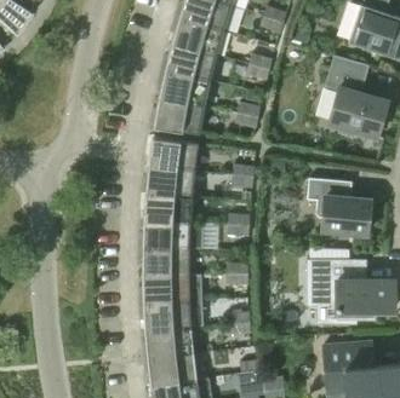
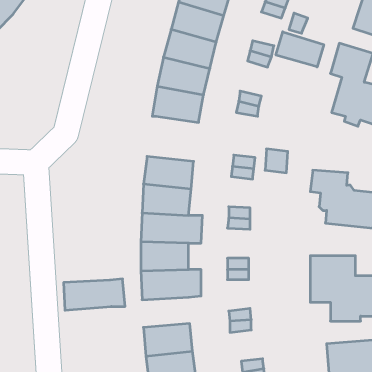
building: none -> [276,32,324,67]
building: [149,137,198,171] -> none
building: [144,300,204,330] -> [64,279,125,310]

